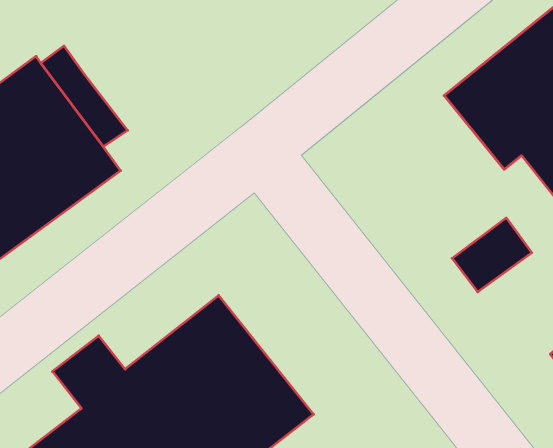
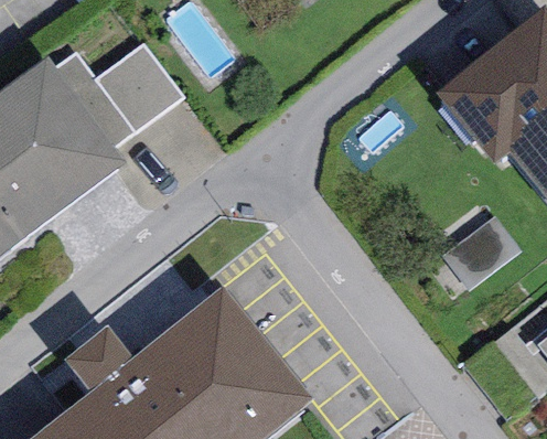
building: none -> [93,41,181,130]

